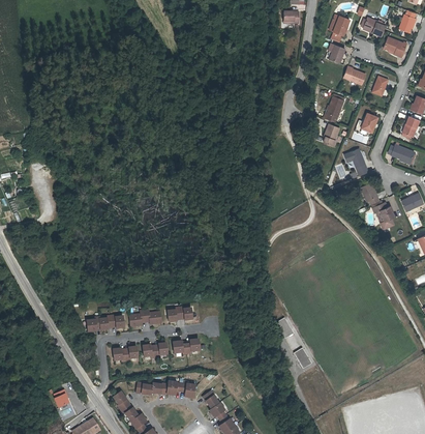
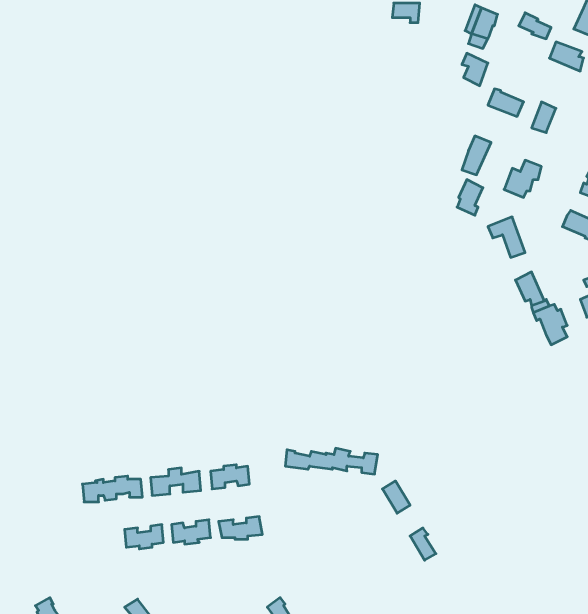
building: [135,380,194,397] -> [285,448,378,474]

